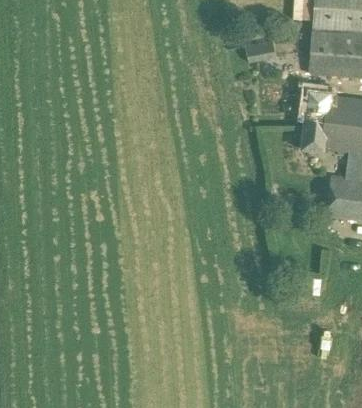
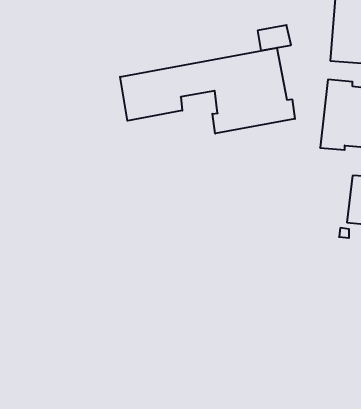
building: none -> [120,48,295,134]

